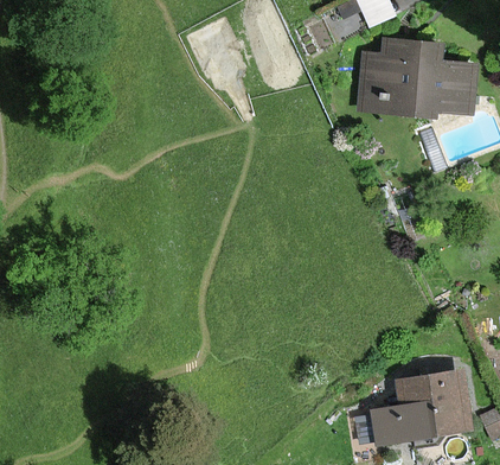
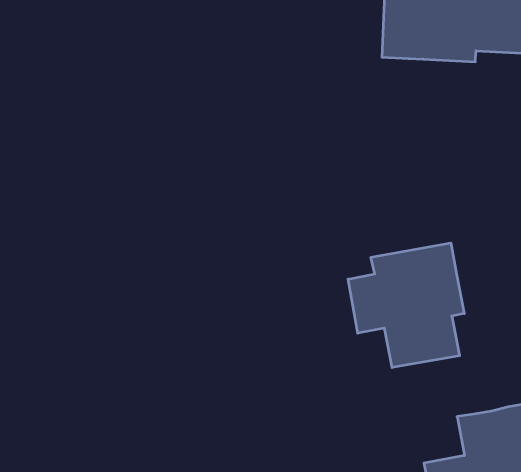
building: none -> [348,243,464,368]

